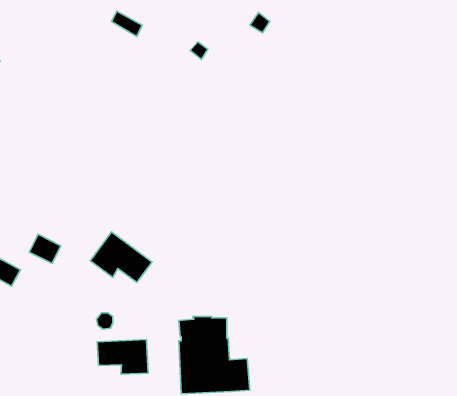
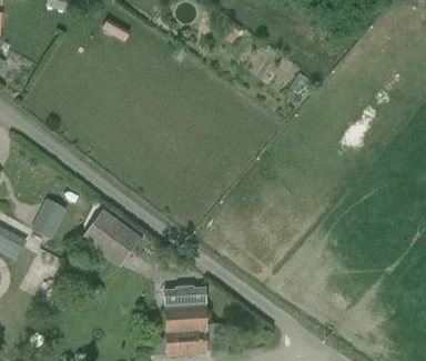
building: [97,339,148,374] -> none

